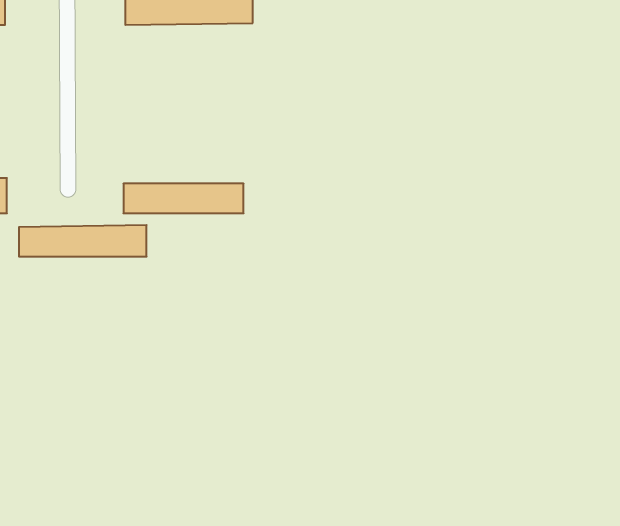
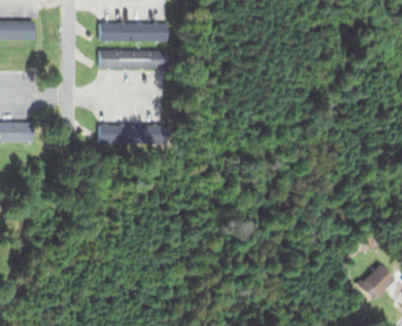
building: [19,225,147,257] -> [97,50,167,67]

